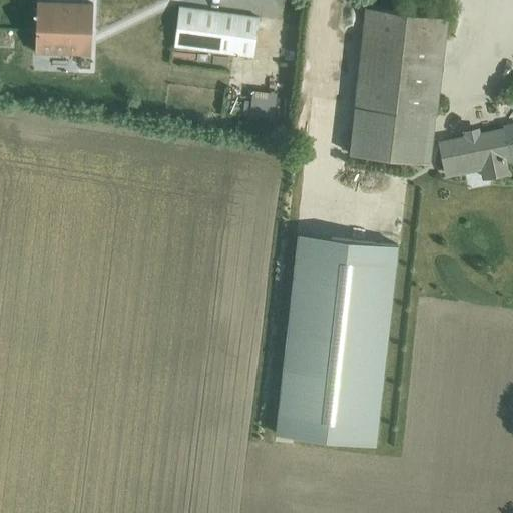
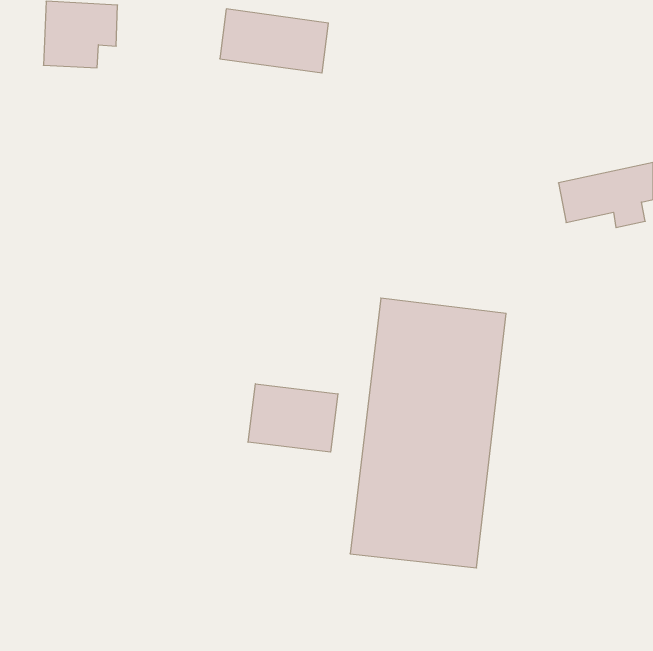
building: [350,11,447,167] -> none
building: none -> [248,384,338,452]

